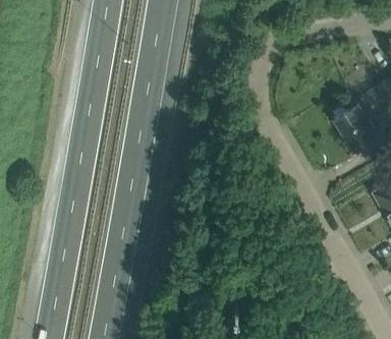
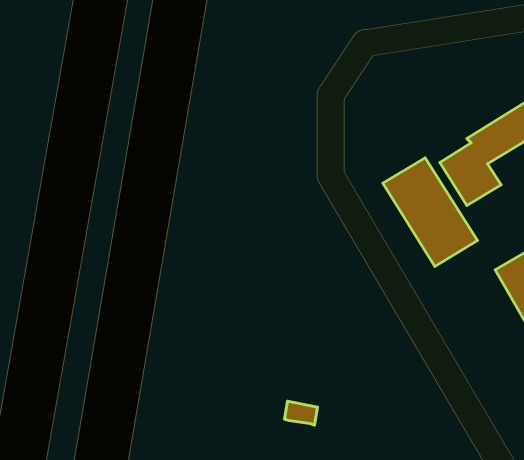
building: none -> [383,158,478,267]

